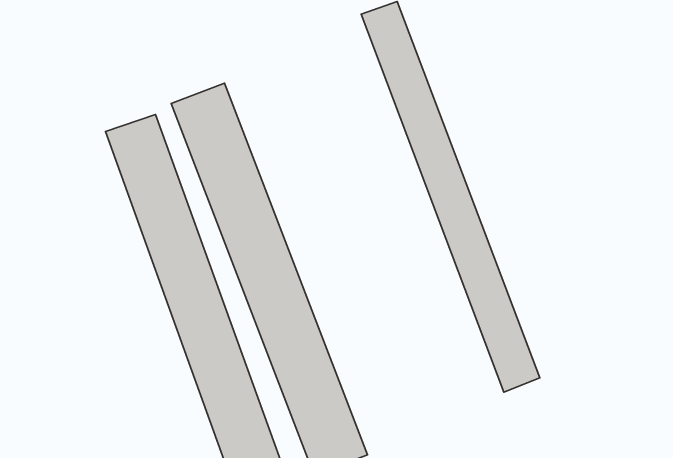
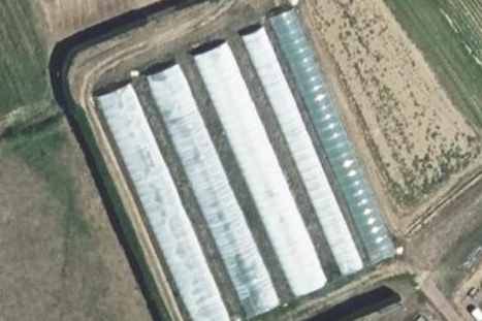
building: none -> [245,27,361,278]
building: none -> [199,41,322,299]

